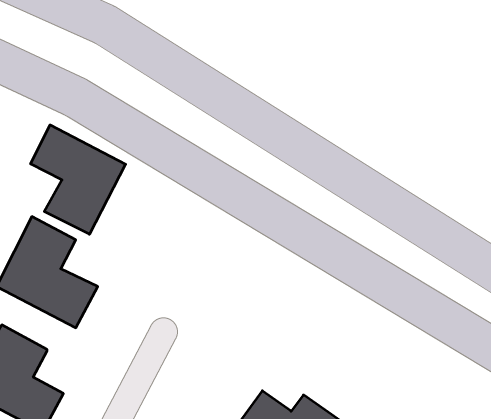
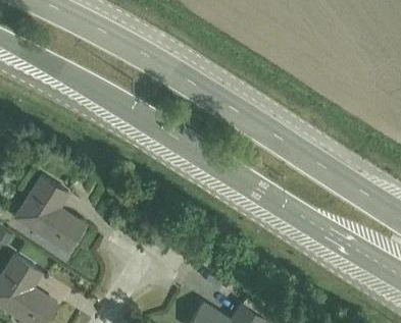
building: [31,125,126,234] -> none

